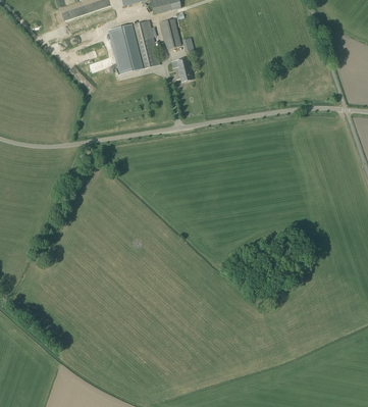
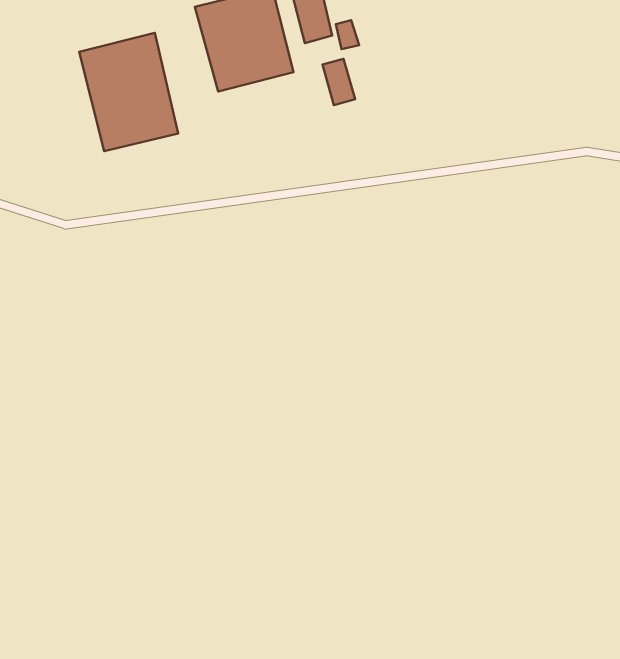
building: none -> [79,33,178,151]

